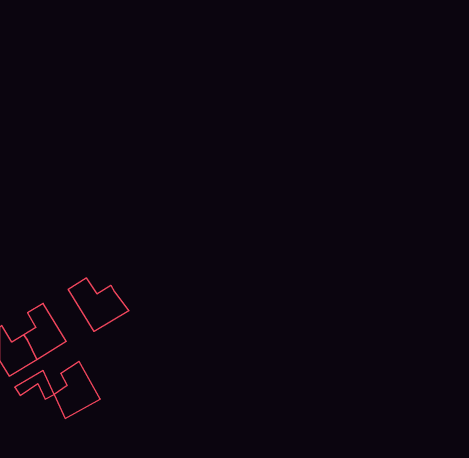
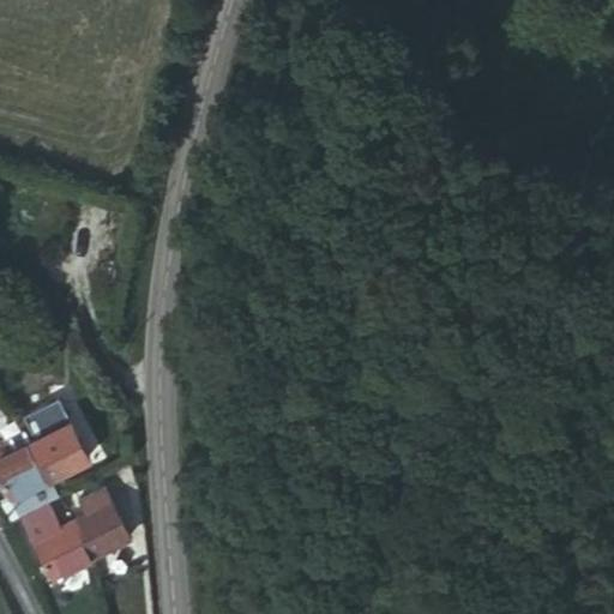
building: [68,278,129,331] -> none
building: none -> [26,516,85,579]

